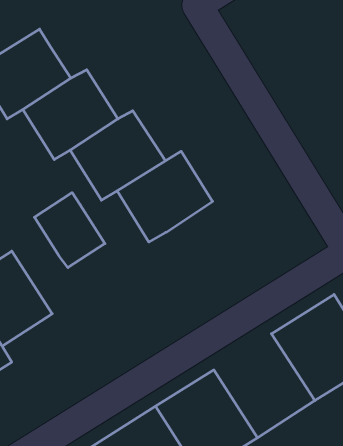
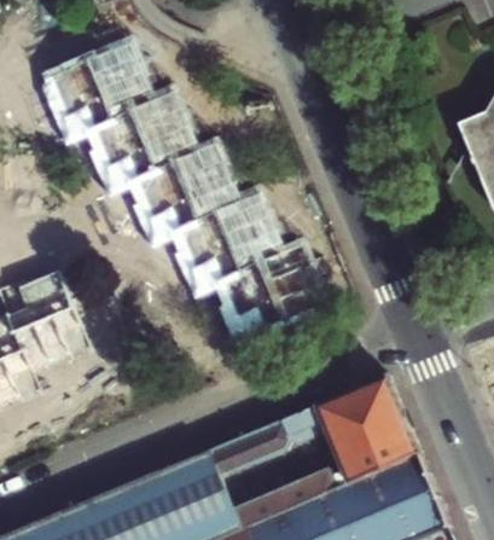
building: none -> [223,248,321,337]
building: [34,193,105,268] -> none
building: none -> [250,403,350,510]

